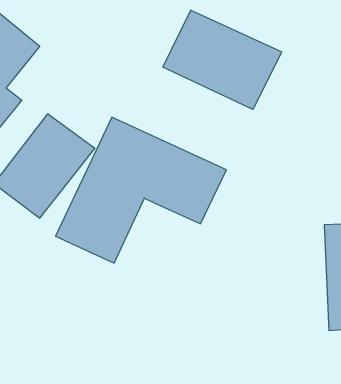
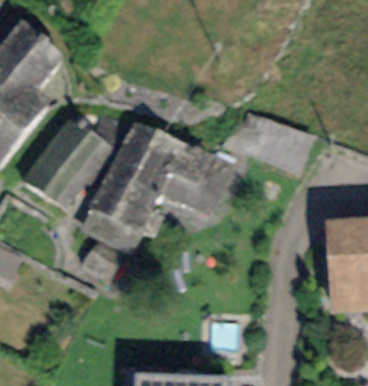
building: [163,10,282,109] -> none

